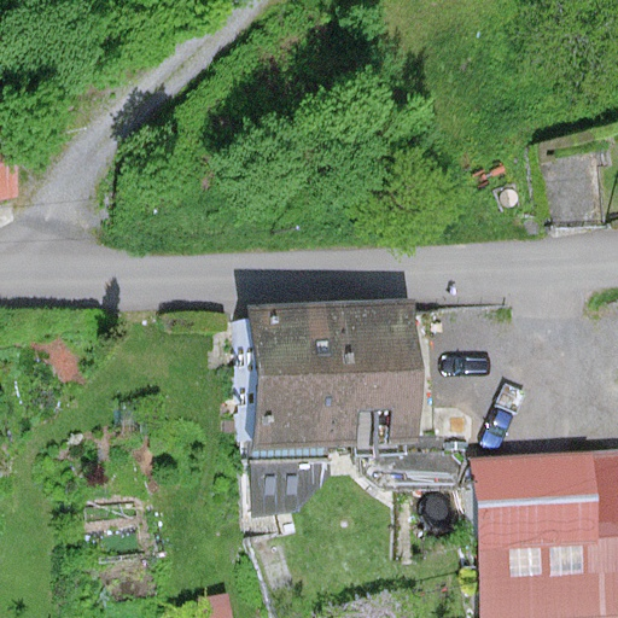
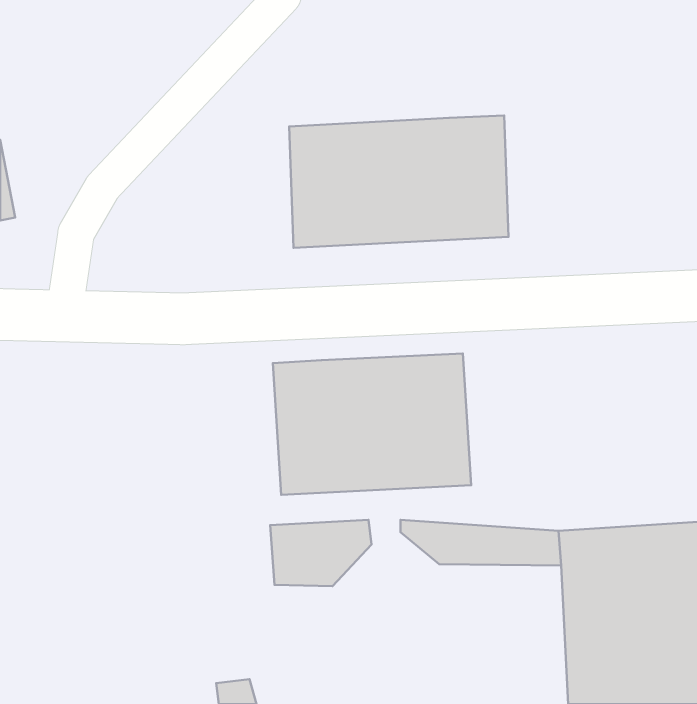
building: none -> [289,115,509,248]

